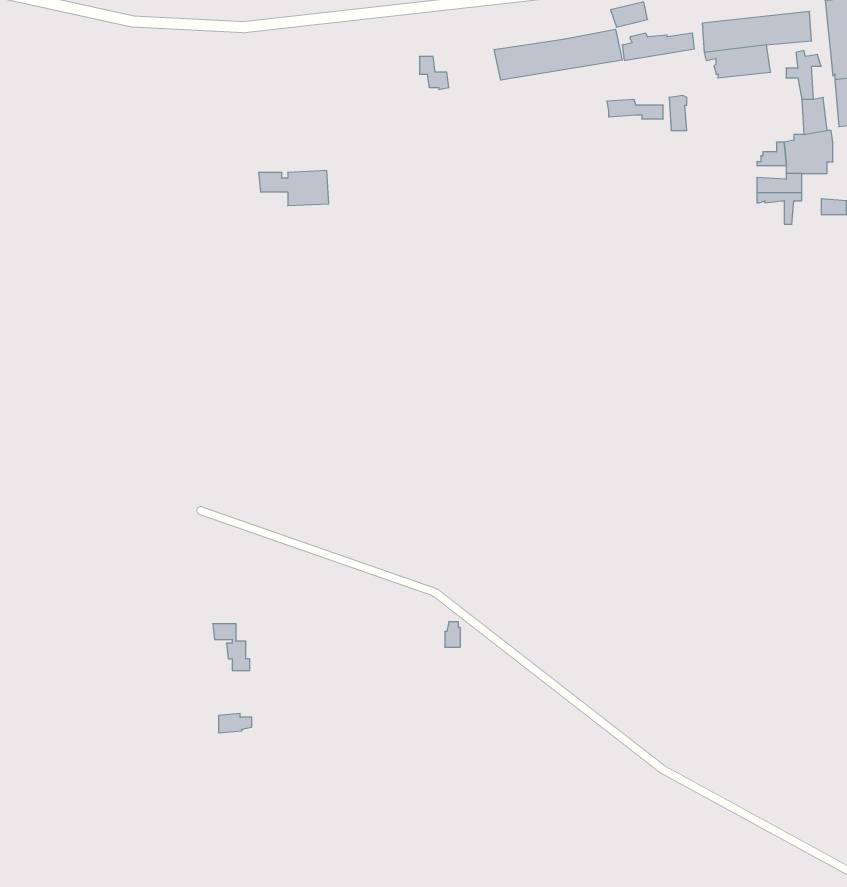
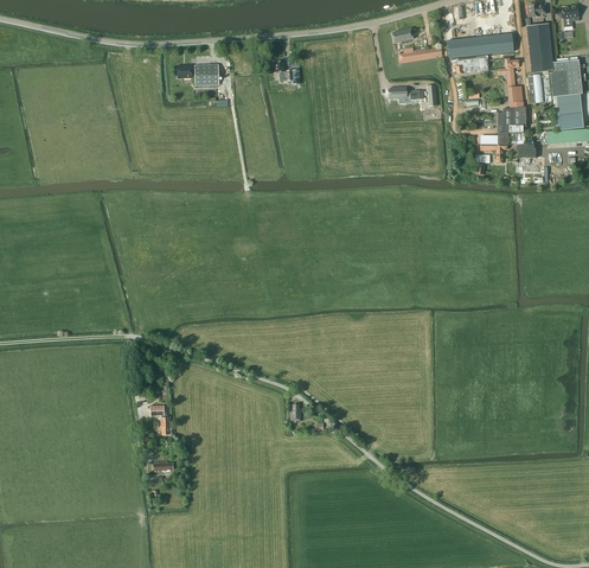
building: [494,29,622,80] -> none
building: [259,171,329,206] -> [178,63,220,84]

